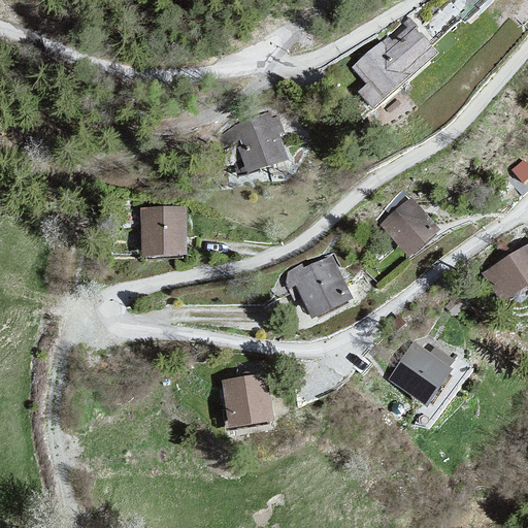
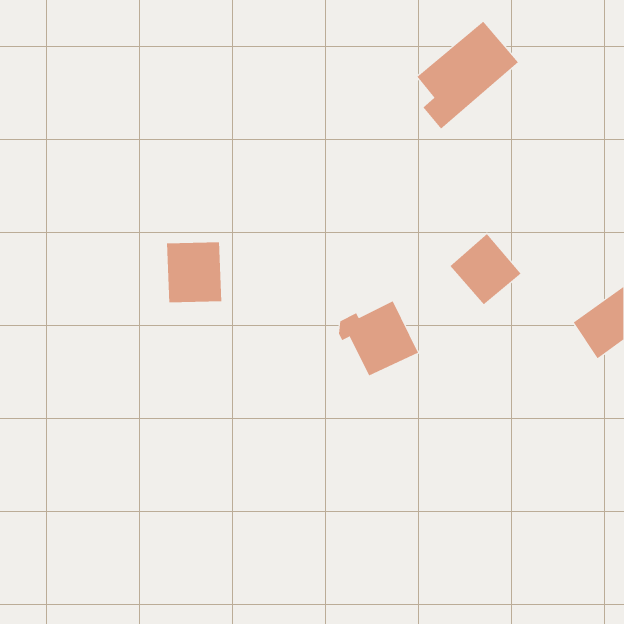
building: [231,113,287,172] -> none
building: [388,341,454,406] -> none
building: [221,373,273,427] -> none

